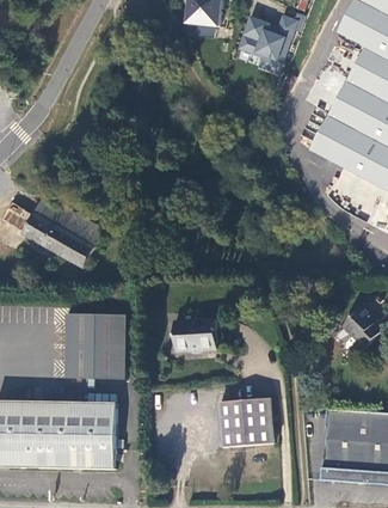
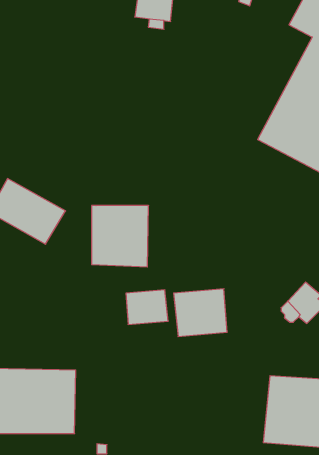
building: [235,10,303,74] -> none
building: [63,312,124,378] -> [92,206,149,267]
building: [215,396,272,447] -> [174,289,227,337]

